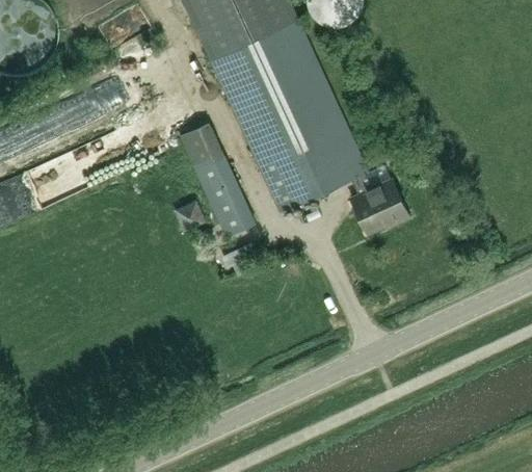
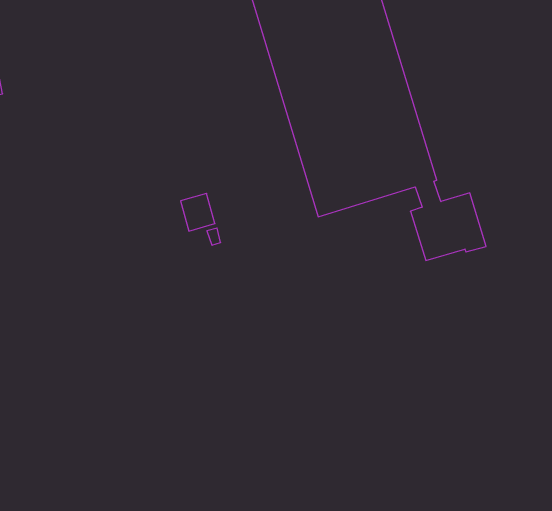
building: [180,124,256,238] -> none

